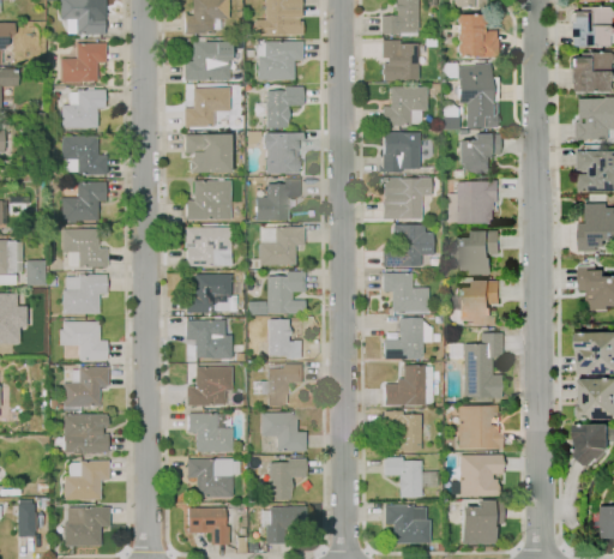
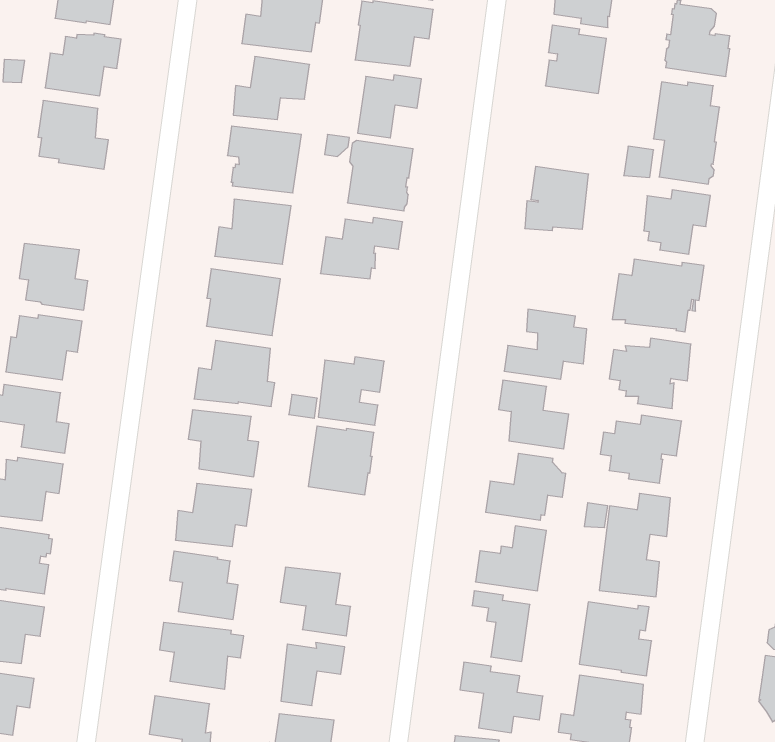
building: [383,86,427,125] -> none
building: [383,178,431,218] -> none
building: [61,181,106,223] -> none
building: [259,227,303,265] -> none
building: [253,365,305,404] -> none

